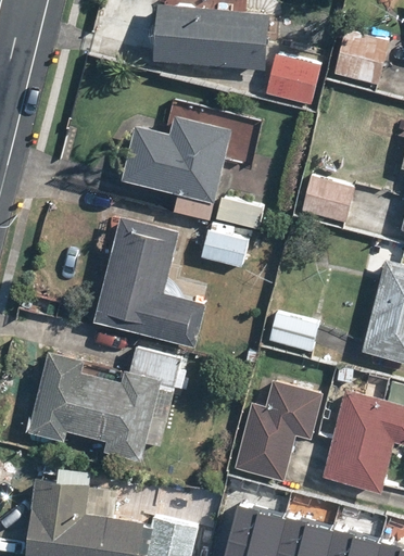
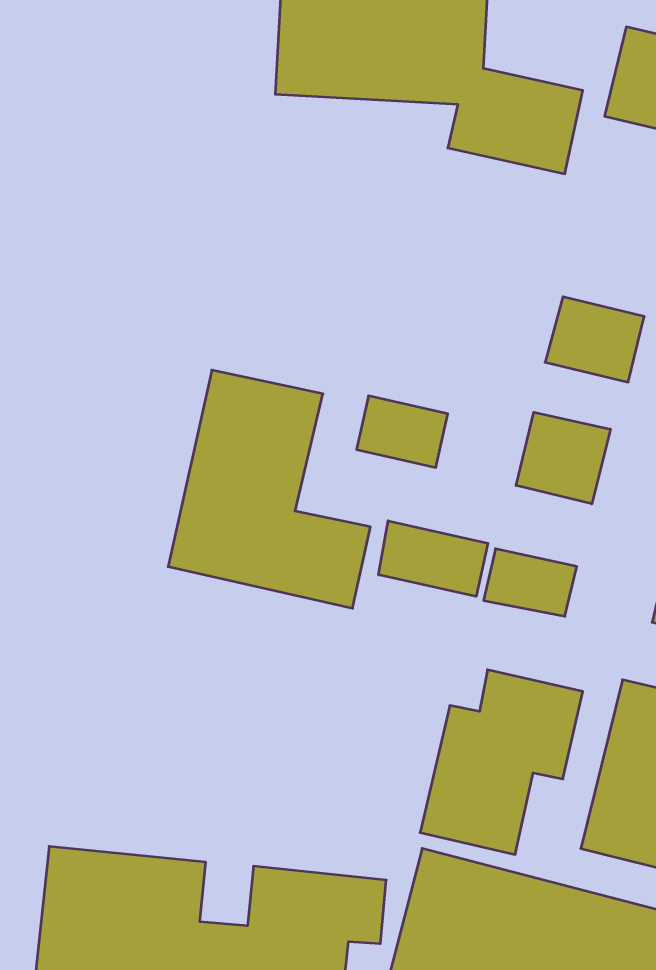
building: [121,115,266,231] -> none
building: none -> [516,412,610,504]
building: none -> [379,521,488,596]
building: [28,344,182,463] -> none

